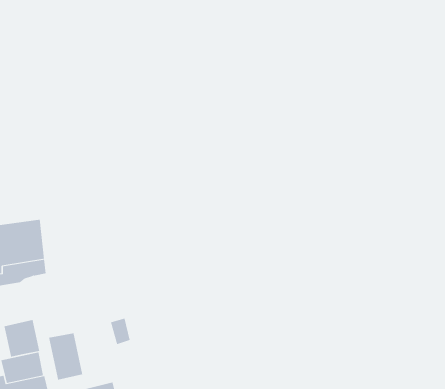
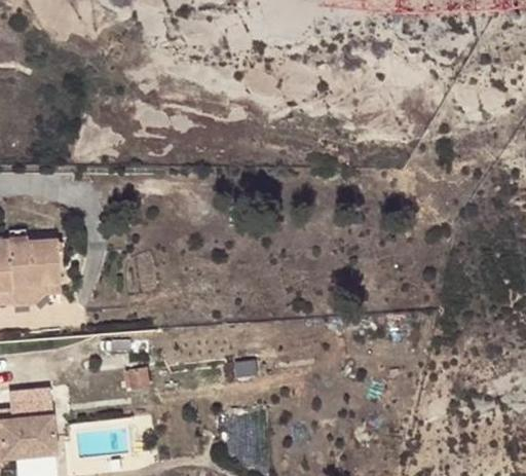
building: [4,319,40,357] -> none
building: [49,333,83,381] -> none

